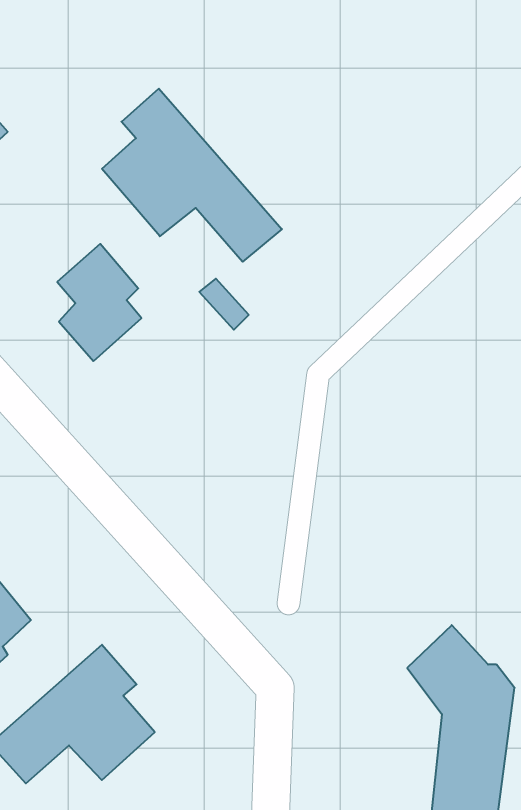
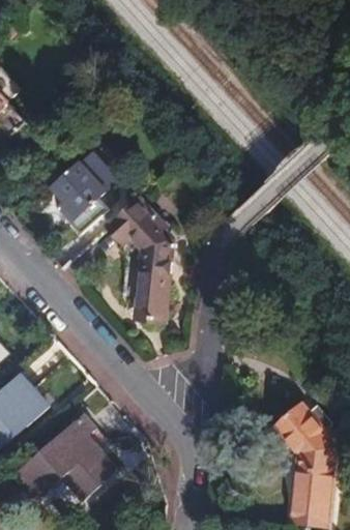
building: [102,89,282,262] -> none
building: none -> [108,194,177,325]

